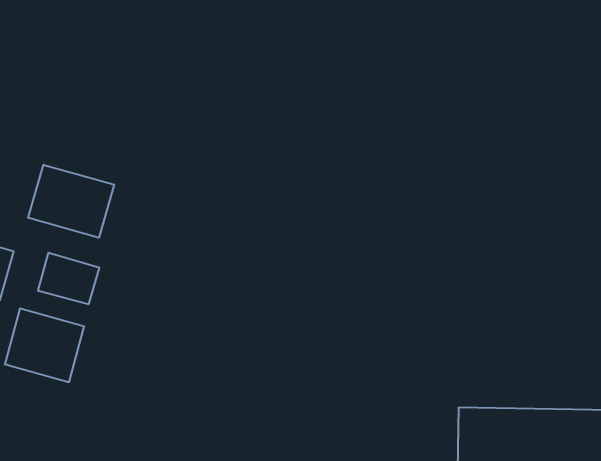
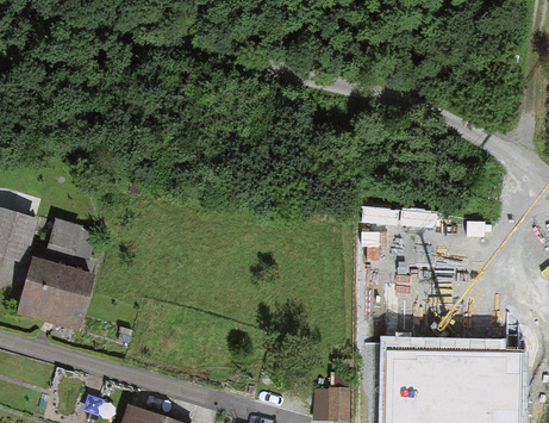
building: [28,165,114,238] -> none

